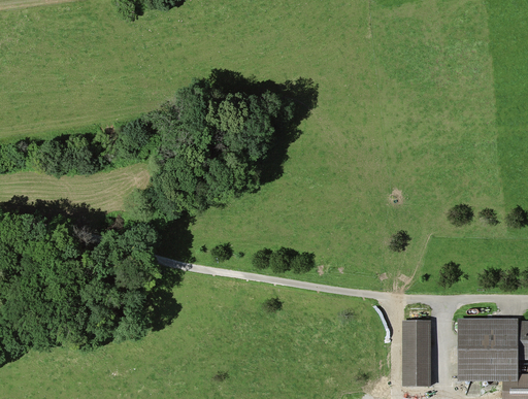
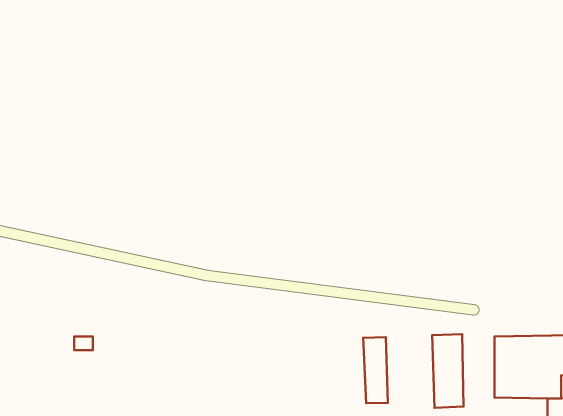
building: none -> [363,337,388,403]

